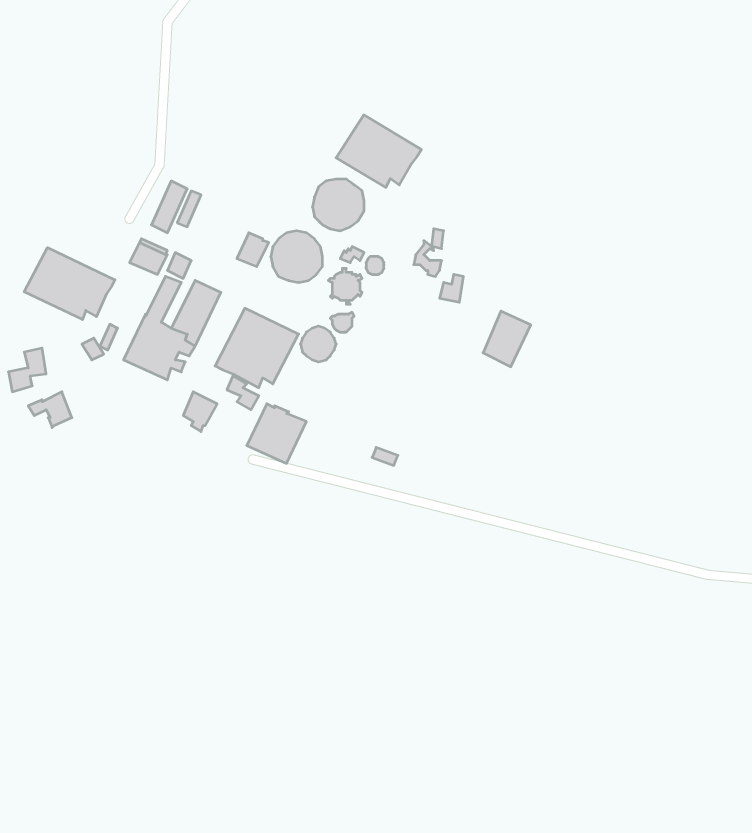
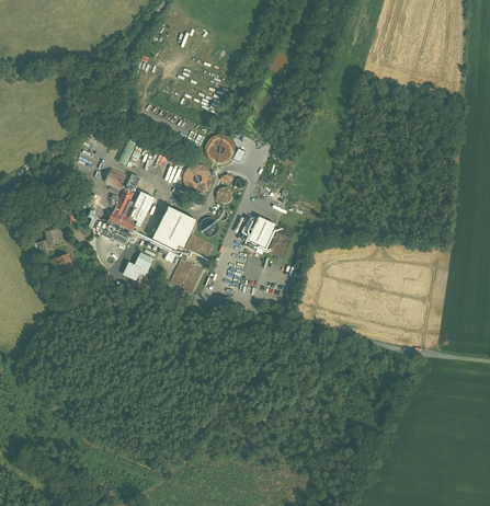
building: [336,115,421,187] -> none
building: [24,248,115,320] -> none
building: [483,311,531,367] -> [248,215,274,245]

